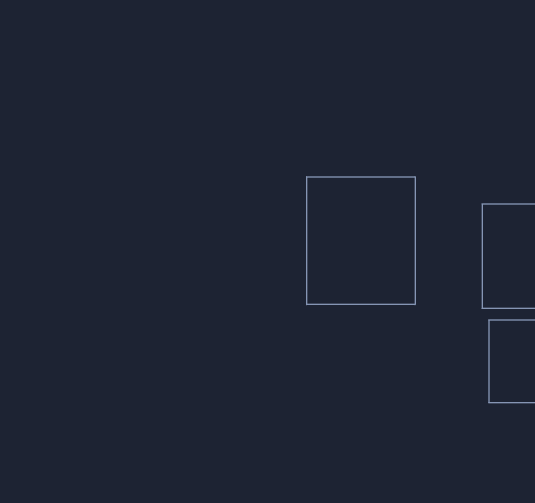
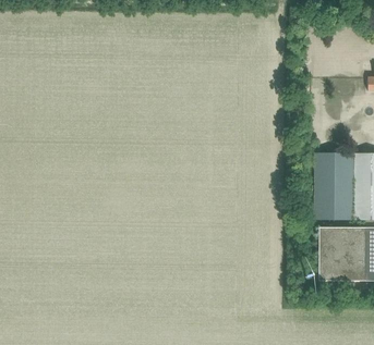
building: [307,177,415,305] -> none

